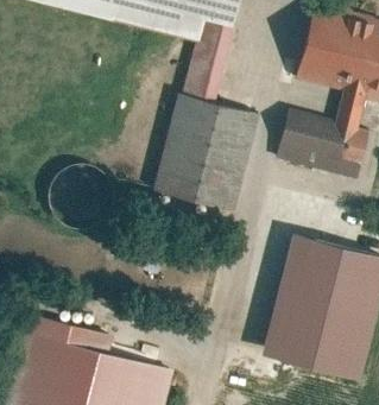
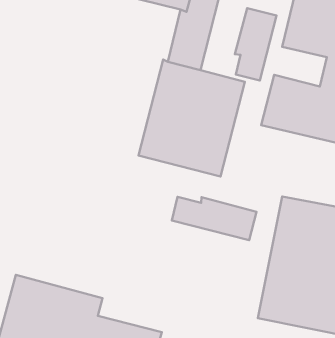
building: none -> [235,8,276,81]
building: none -> [172,197,257,240]

